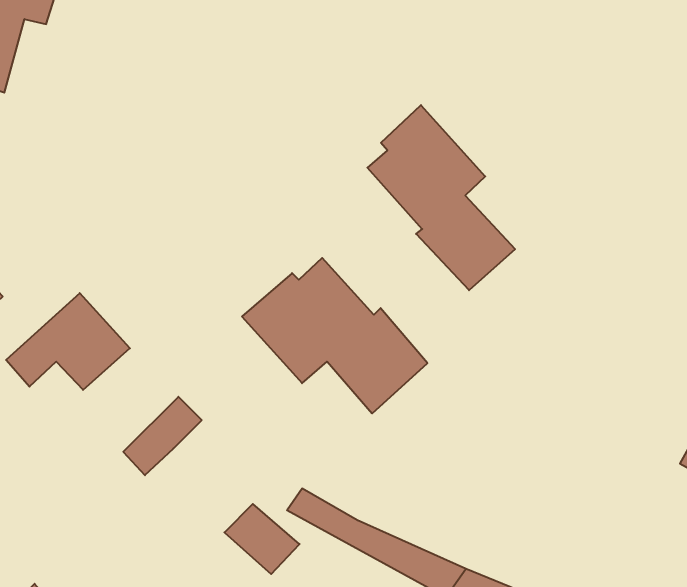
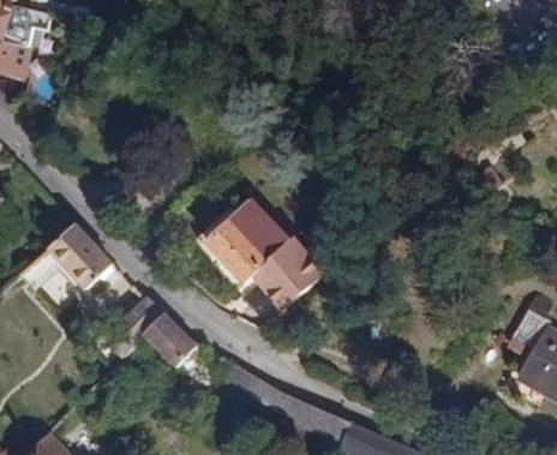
building: [367,105,515,290] -> none
building: [224,504,300,574] -> [144,315,198,365]

